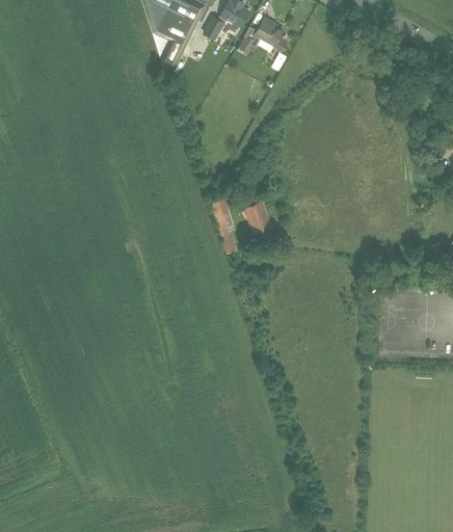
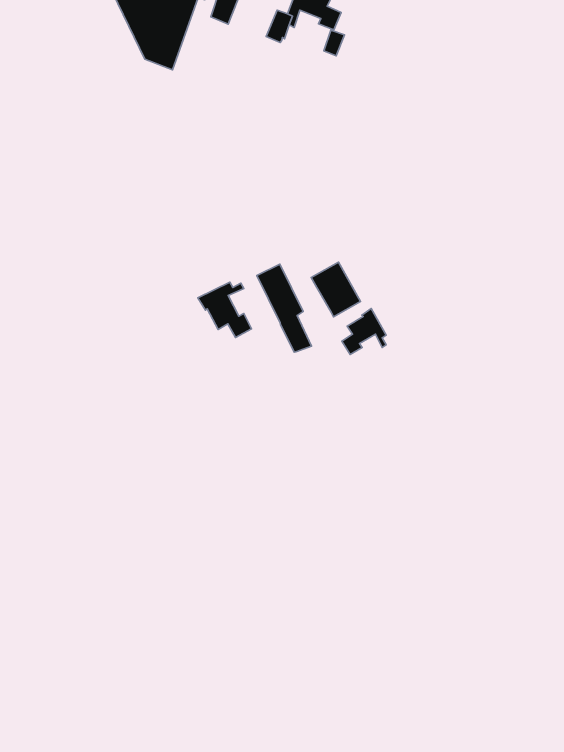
building: none -> [198,282,251,338]
building: none -> [342,308,386,354]

